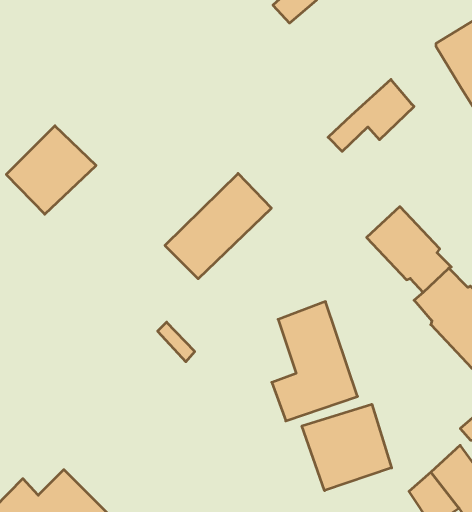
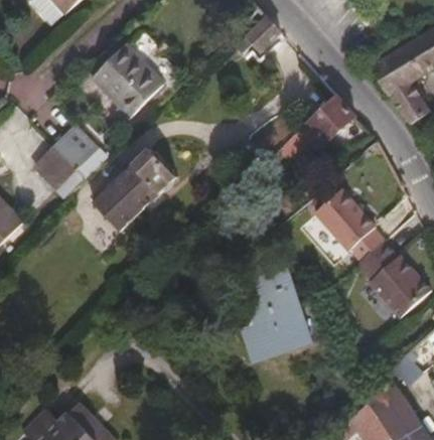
building: none -> [87,44,160,118]
building: [165,173,271,279] -> [94,147,177,230]
building: [302,404,392,491] -> none

